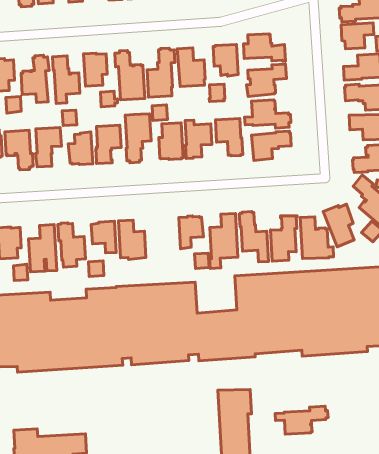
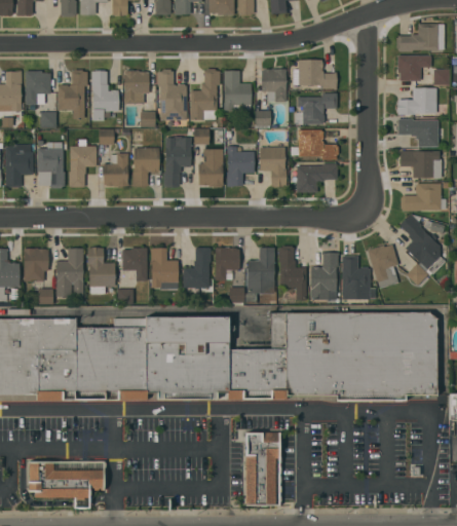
building: none -> [183,247,211,288]
building: [275,406,328,434] -> none

